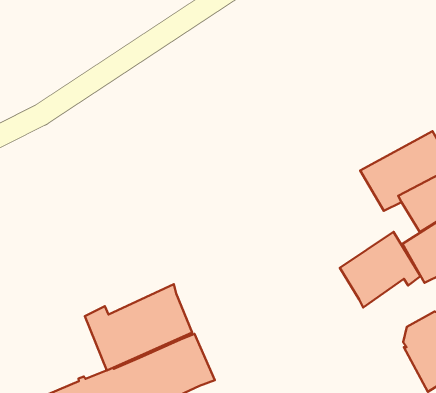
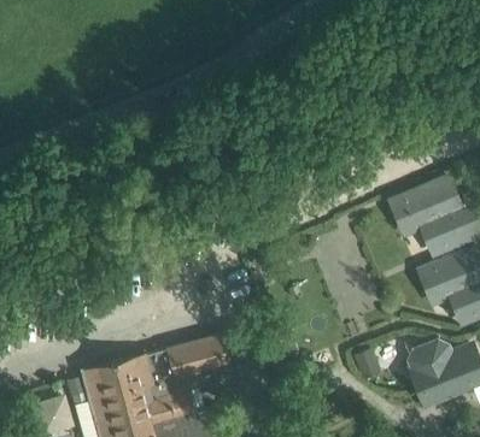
building: [340,232,421,307] -> none
building: [85,284,192,370] -> none

